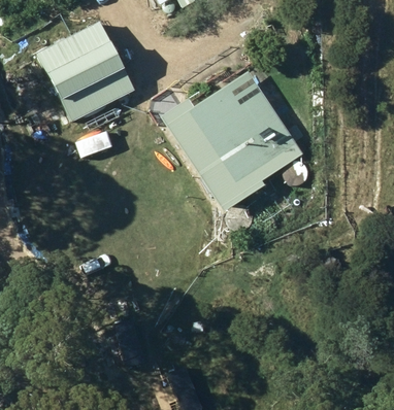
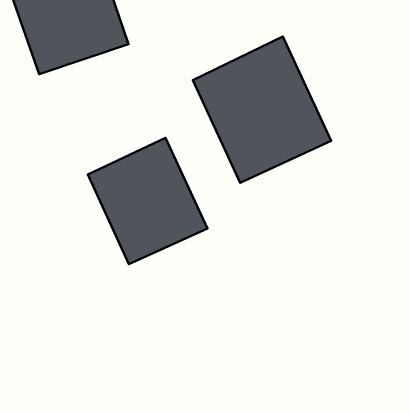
building: none -> [88,138,208,264]

